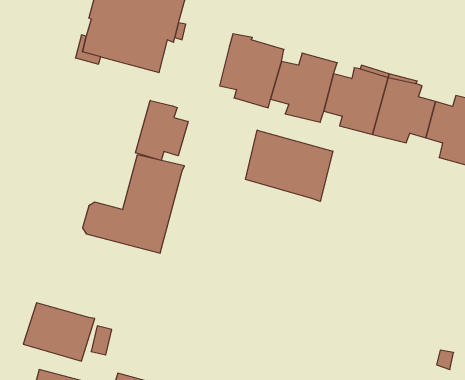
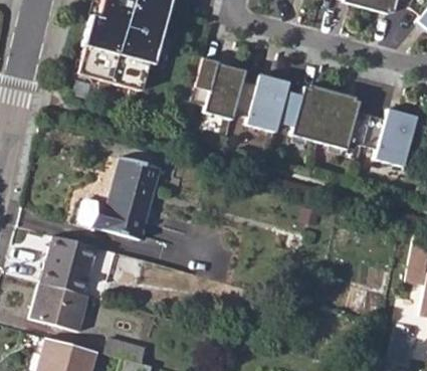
building: [136,100,188,160] -> none
building: [245,130,333,201] -> none
building: none -> [41,232,97,294]

